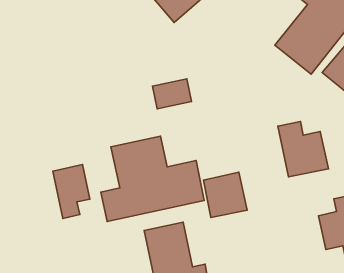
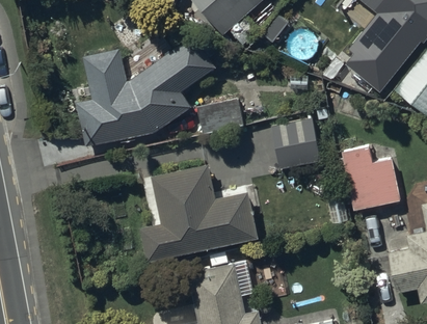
building: none -> [74,33,216,146]
building: [53,164,90,218] -> none
building: [204,172,247,217] -> [271,117,321,169]

